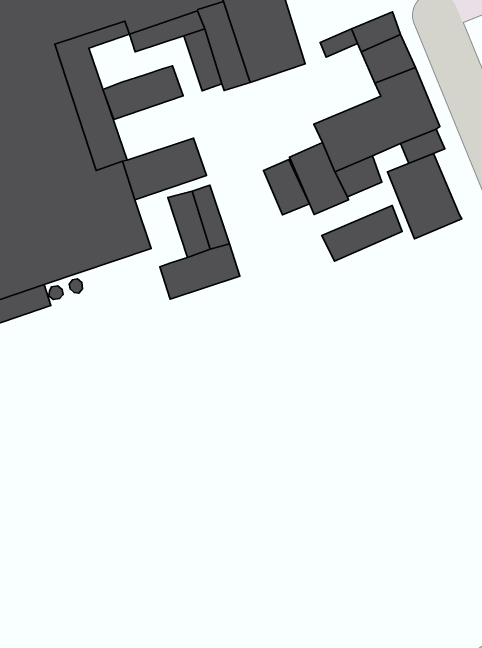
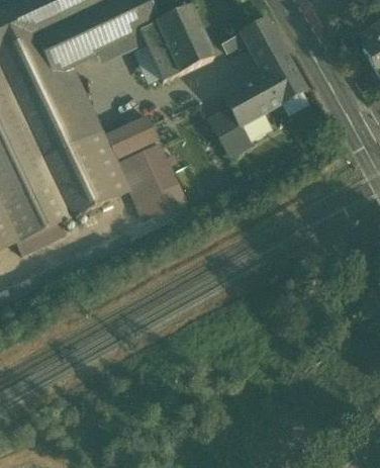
building: [103,66,183,120] -> none
building: [388,153,462,239] -> none
building: [264,160,310,215] -> none
building: none -> [115,155,151,200]
building: [322,206,402,261] -> none

